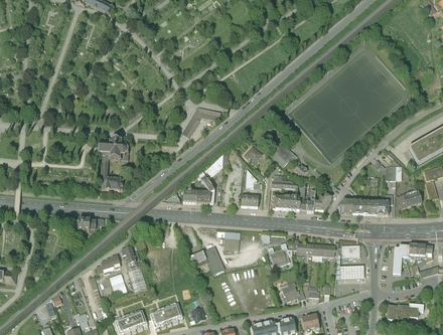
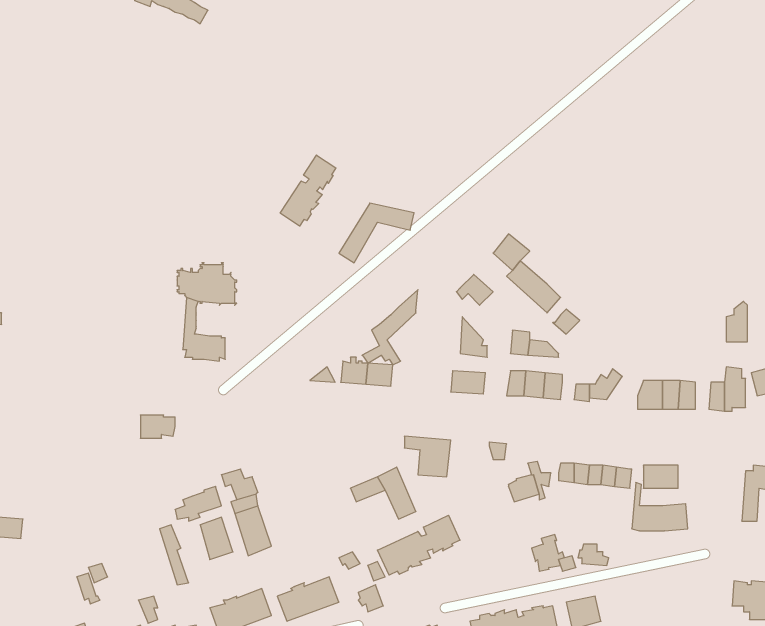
building: none -> [280,155,336,226]
building: none -> [377,515,460,575]

